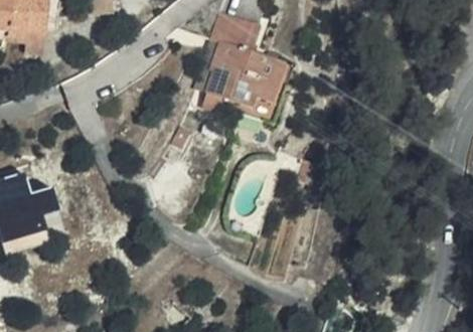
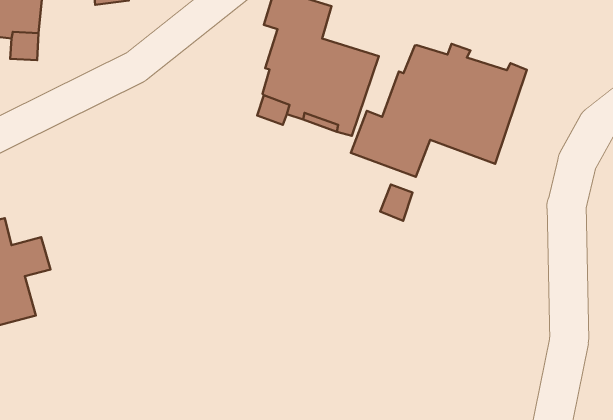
building: none -> [351,44,527,177]

